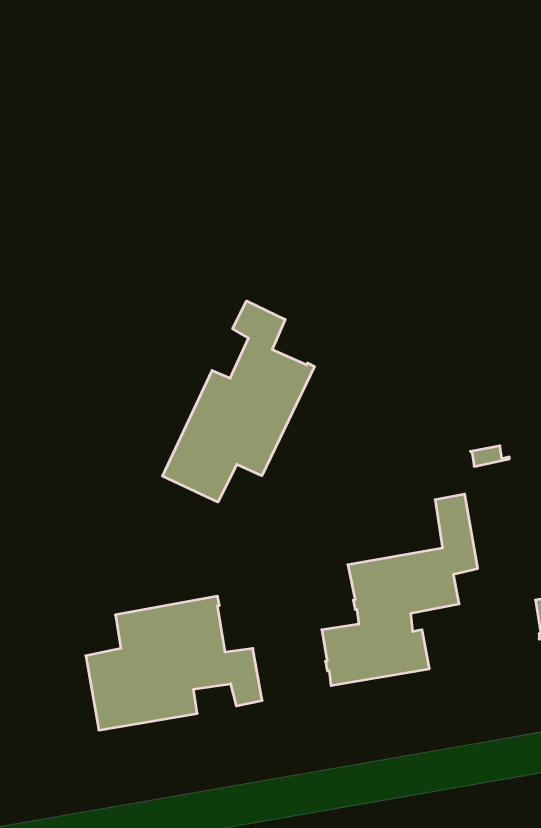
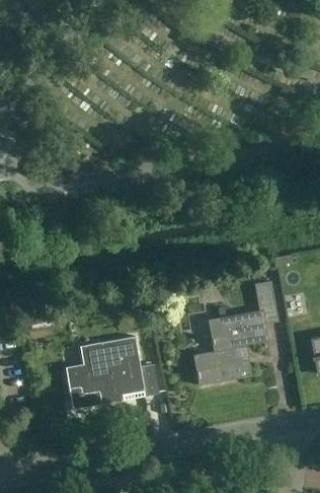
building: [162,301,314,502] -> none

